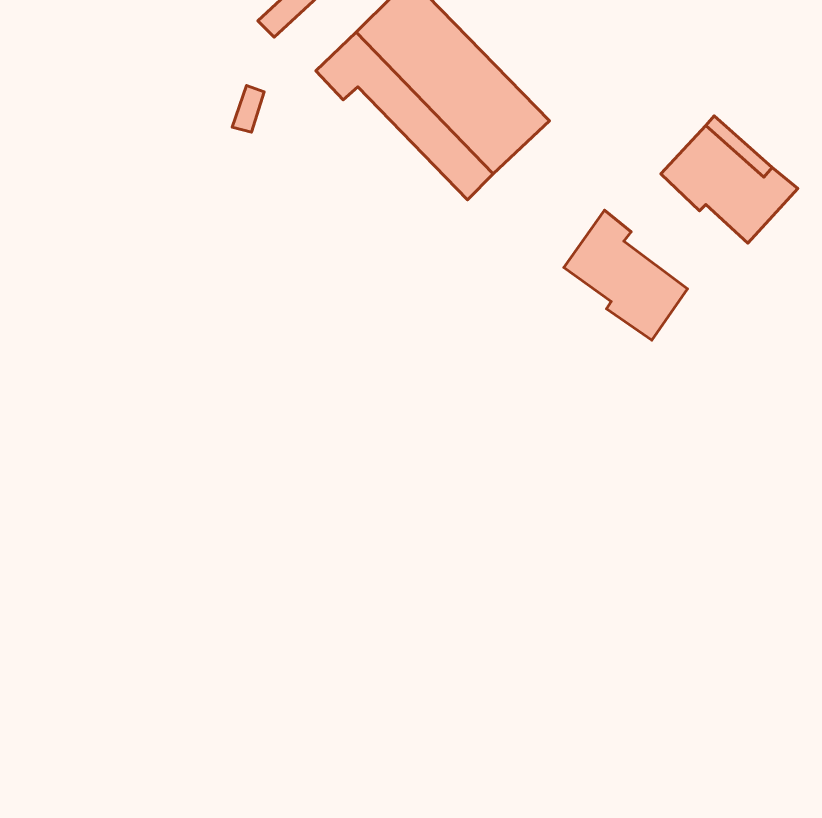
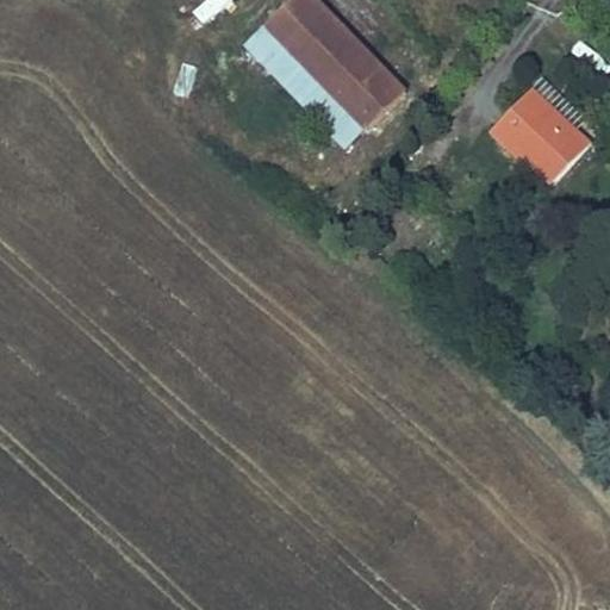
building: [564,210,688,340] -> none

